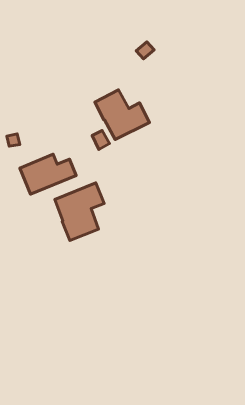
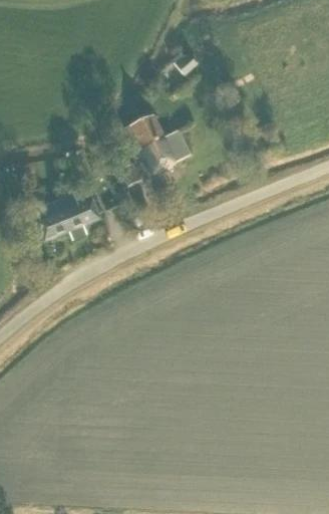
building: [55,183,104,240] -> none

